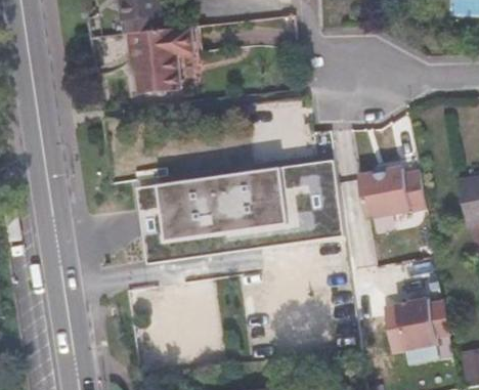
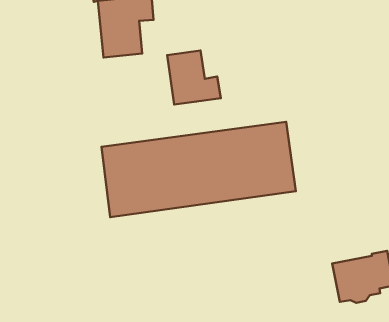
building: none -> [167,50,221,105]
building: [356,163,423,214] -> none

